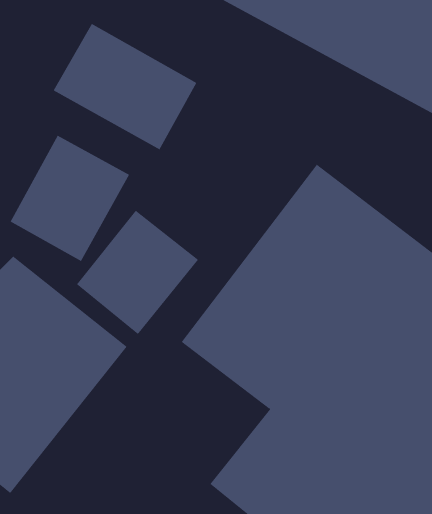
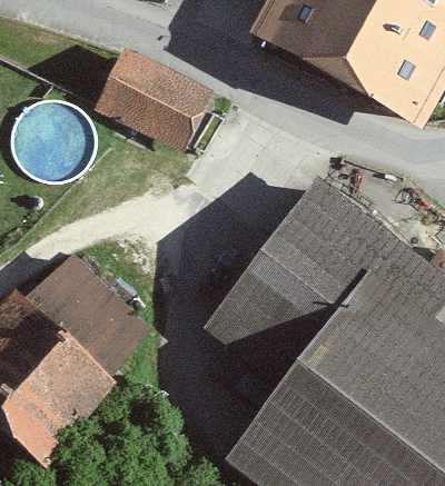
building: [10,135,130,262] -> none
building: [76,210,199,335] -> none

